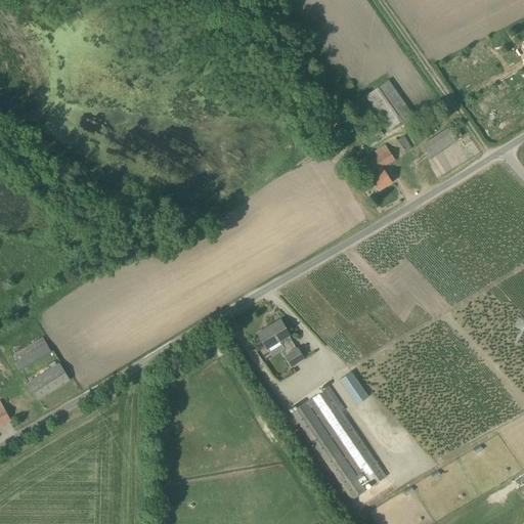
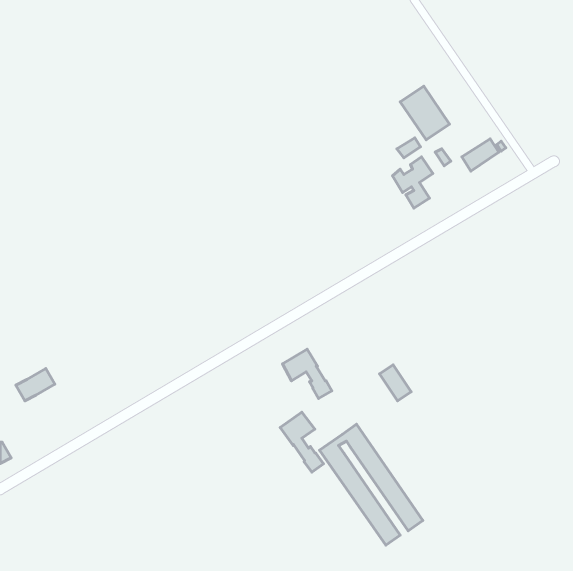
building: [26,362,70,398] -> none
building: [339,374,367,406] -> [380,365,411,401]
building: none -> [280,412,324,472]

